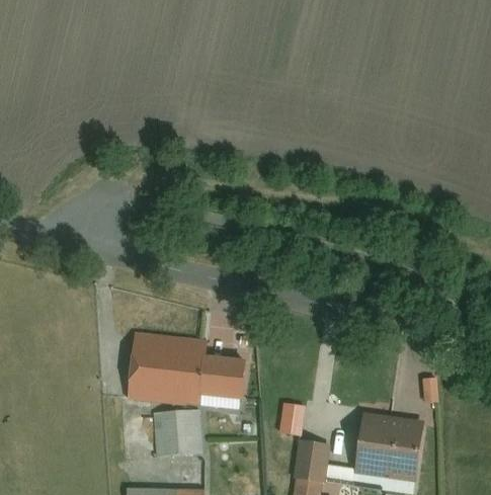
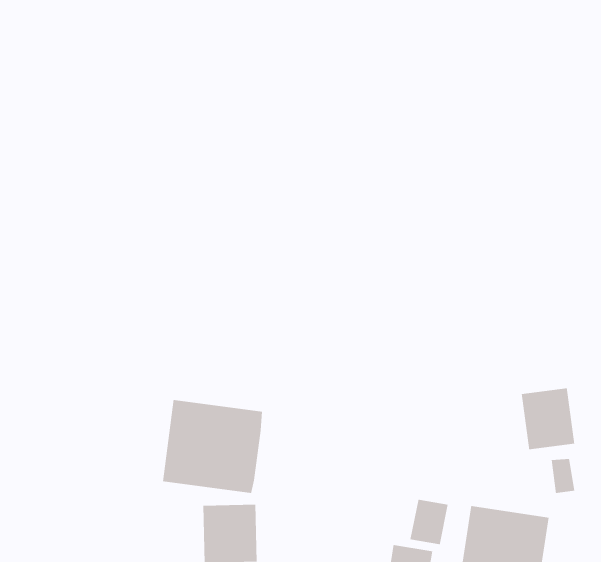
building: none -> [521,388,575,450]
building: [198,356,245,399] -> none
building: [278,403,308,437] -> [410,499,449,545]

